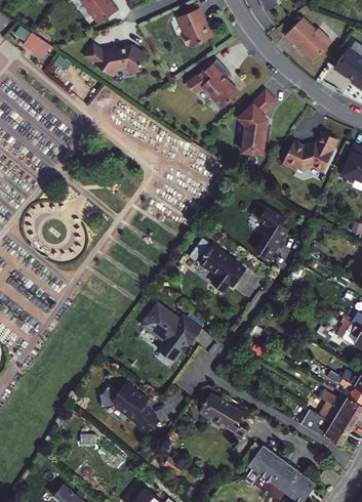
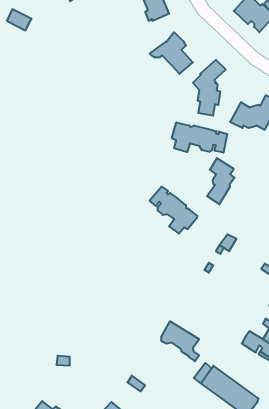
building: [84,44,146,75] -> none
building: none -> [172,122,227,153]
building: [139,302,200,362] -> none
building: [113,385,158,435] -> none

